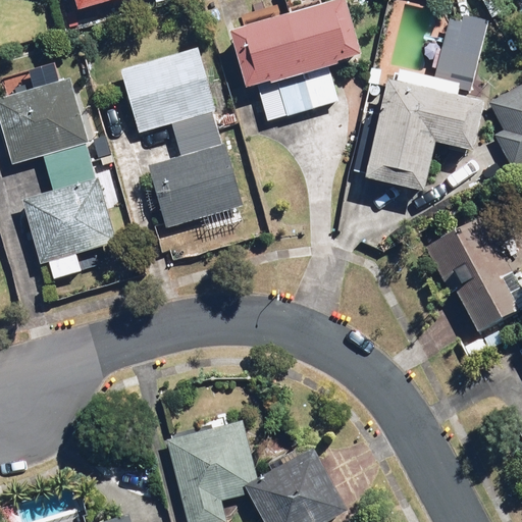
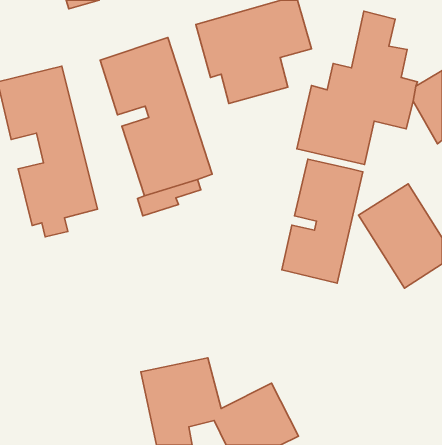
building: none -> [282,159,363,283]

